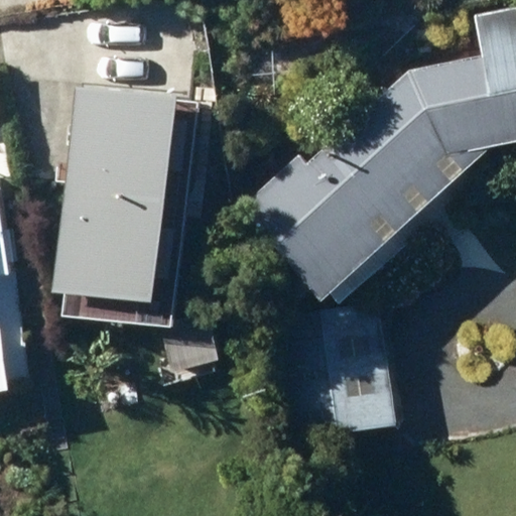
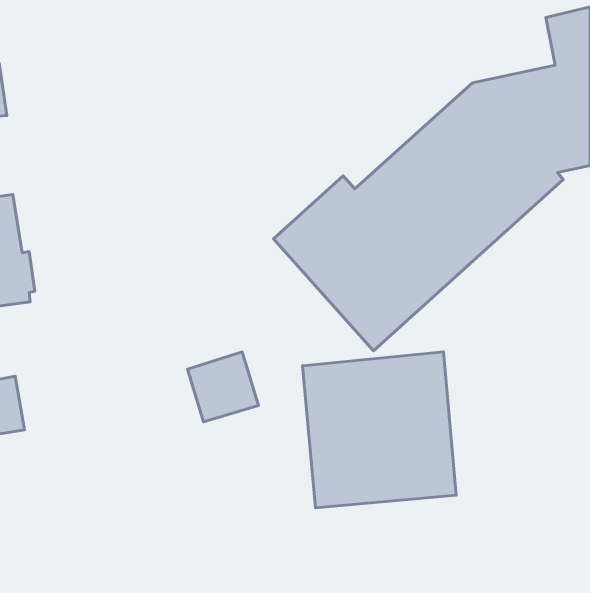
building: [64,86,171,290] -> none

